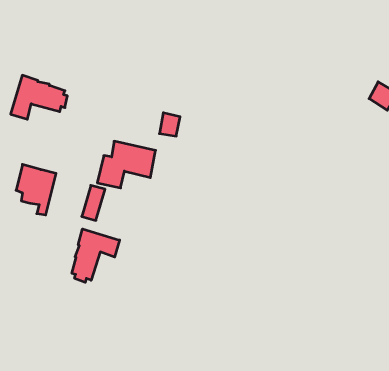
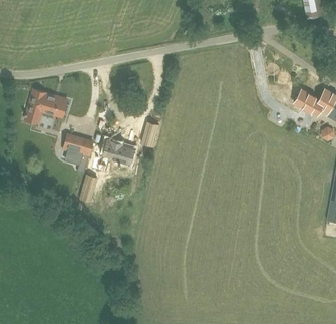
building: [16,164,56,215] -> [60,134,91,174]
building: [72,229,120,282] -> none

